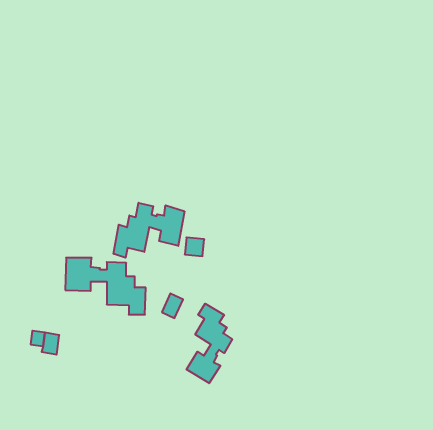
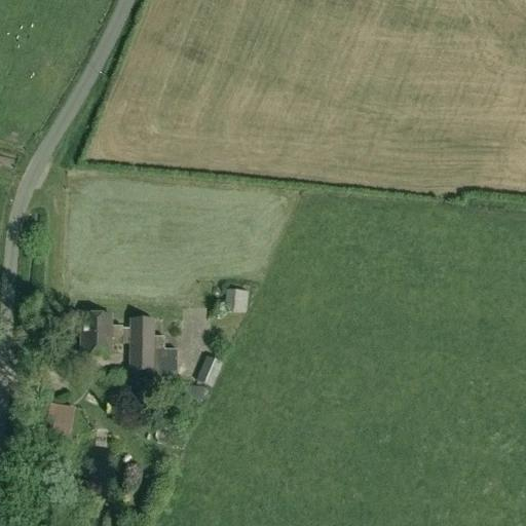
building: [114,203,184,258] -> none
building: [187,304,232,383] -> none

